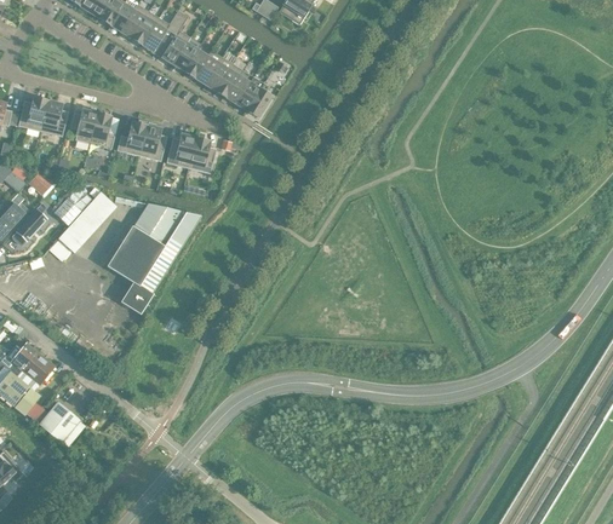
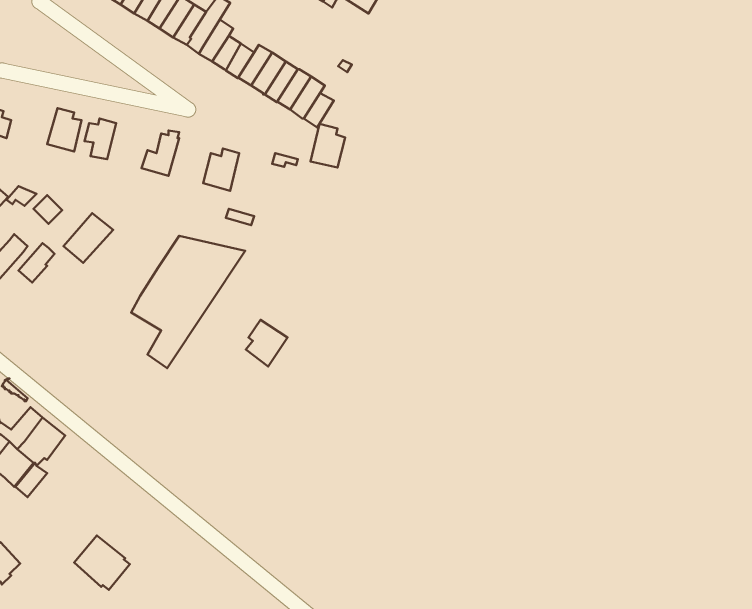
building: [18,97,48,129] -> none
building: [88,111,115,148] -> none
building: [138,121,166,160] -> none
building: [188,137,216,172] -> [311,124,345,168]
building: [58,191,116,252] -> none
building: none -> [246,320,288,366]
building: [39,401,84,444] -> [74,536,130,590]

